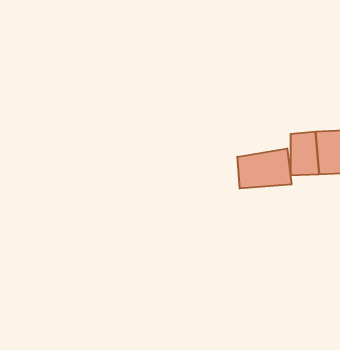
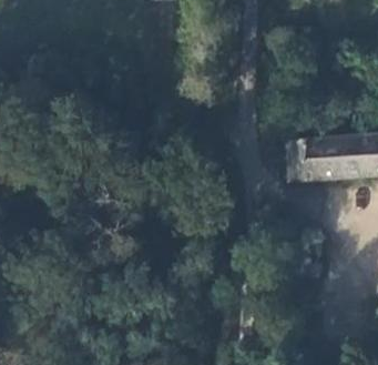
building: [237,148,292,189] -> none

